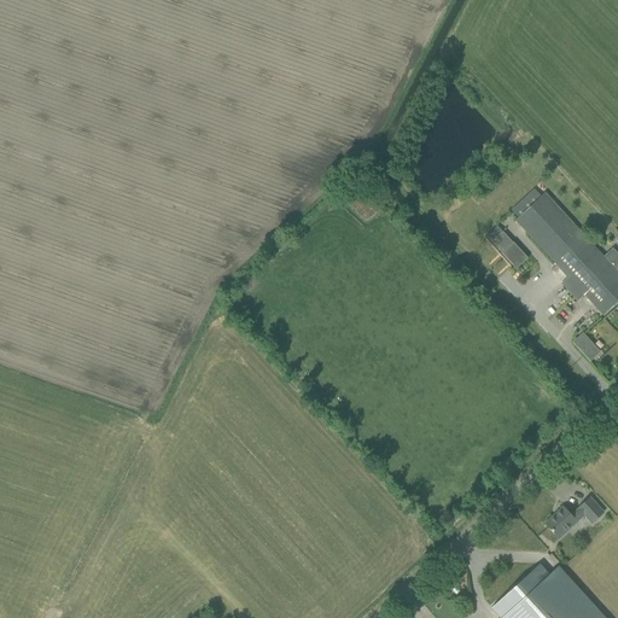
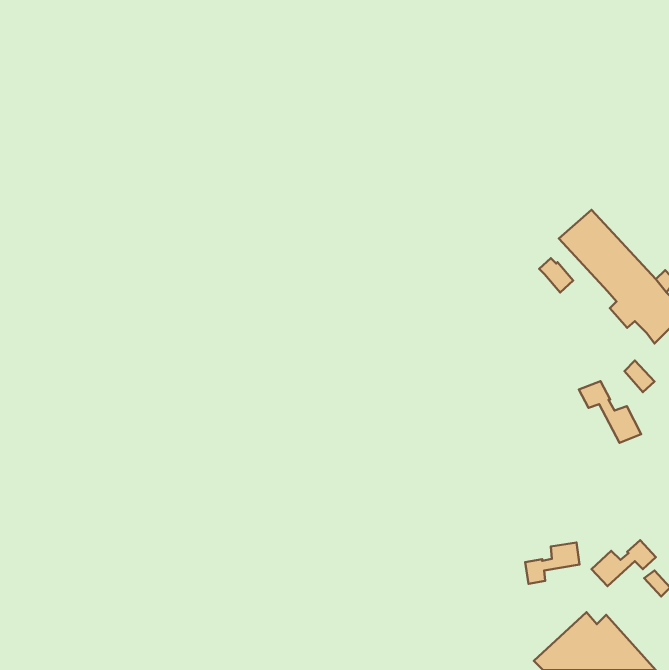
building: none -> [579,381,641,443]
building: none -> [525,543,580,584]

